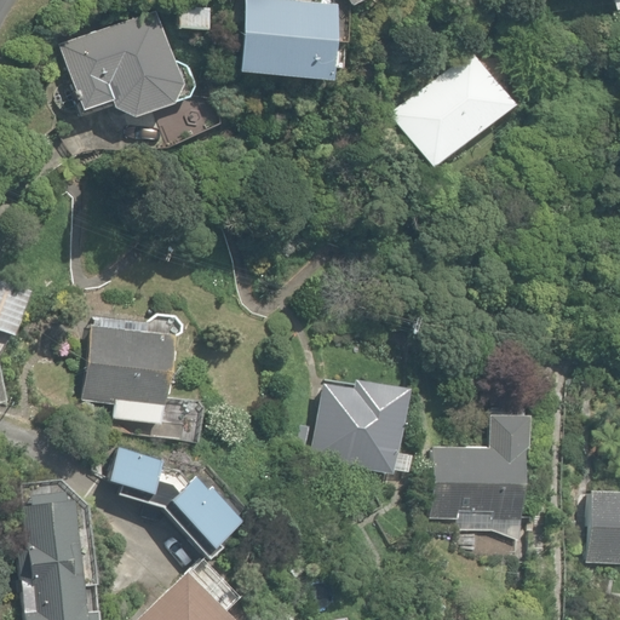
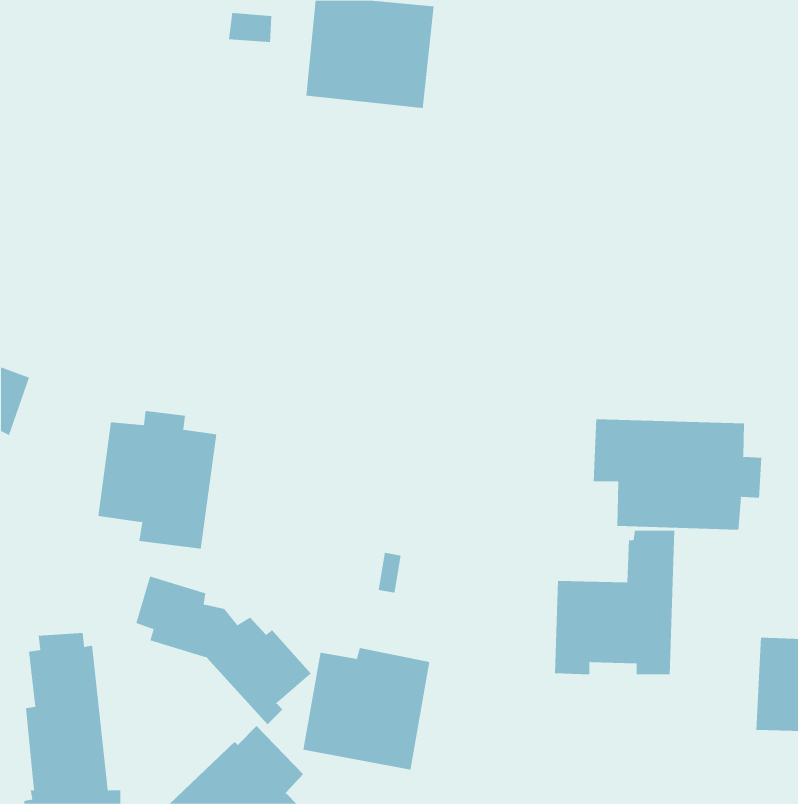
building: [62,12,183,117] -> none
building: [391,52,515,168] -> none
building: none -> [593,419,762,531]
building: [311,380,409,475] -> [303,648,430,770]

